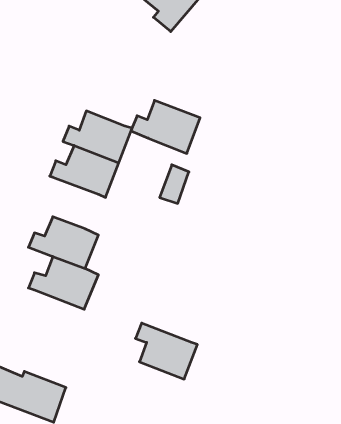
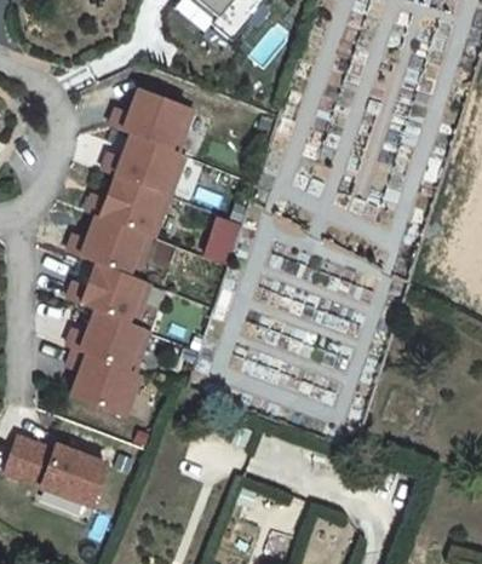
building: [131,100,200,153] -> [113,91,195,154]
building: none -> [65,214,148,276]
building: [135,323,197,379] -> [64,349,138,415]

